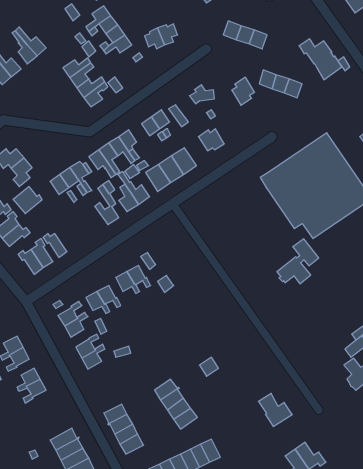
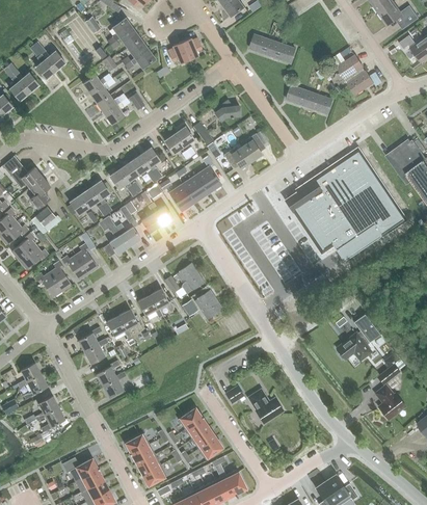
building: [232,77,255,105] -> [241,133,265,162]
building: none -> [98,215,129,255]
building: none -> [74,241,98,274]
building: [277,239,319,284] -> [336,314,379,361]
building: none -> [176,264,204,293]
building: none -> [194,290,221,319]
building: [258,393,292,426] -> [247,389,283,423]

